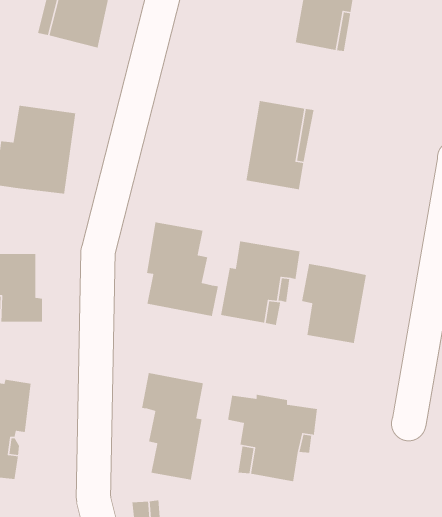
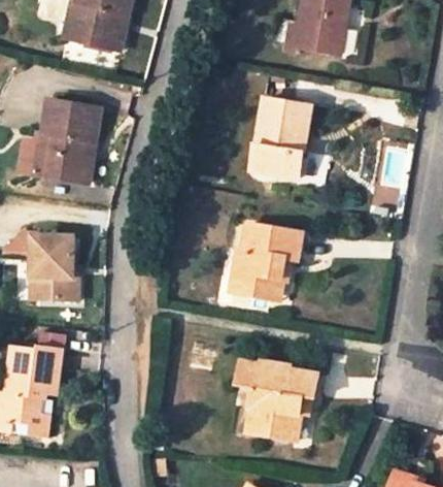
building: [146,221,219,317] -> none
building: [301,263,367,344] -> none
building: [141,372,204,481] -> none

